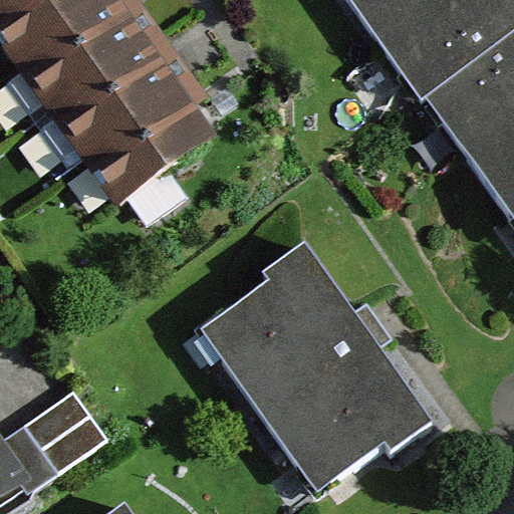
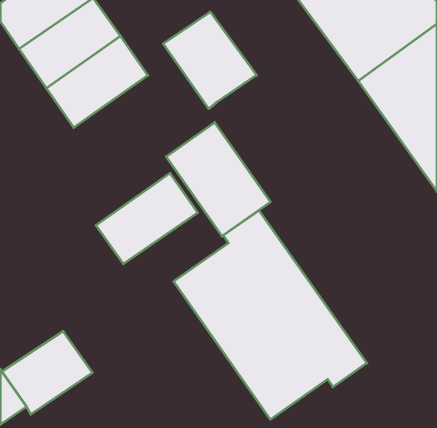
building: none -> [163,12,257,109]
building: [86,88,206,195] -> [96,173,198,264]
building: none -> [166,122,270,236]

